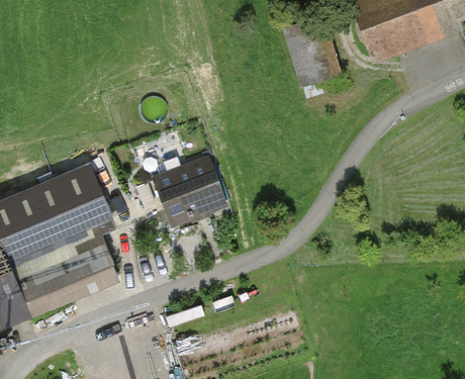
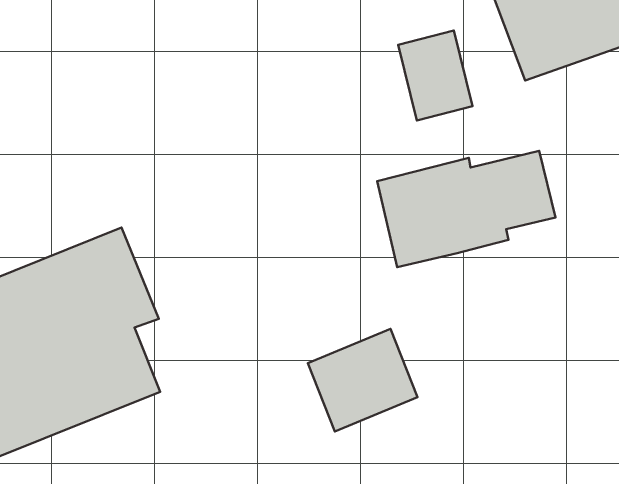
building: none -> [377,151,555,267]
building: [151,154,228,226] -> [308,329,418,432]

